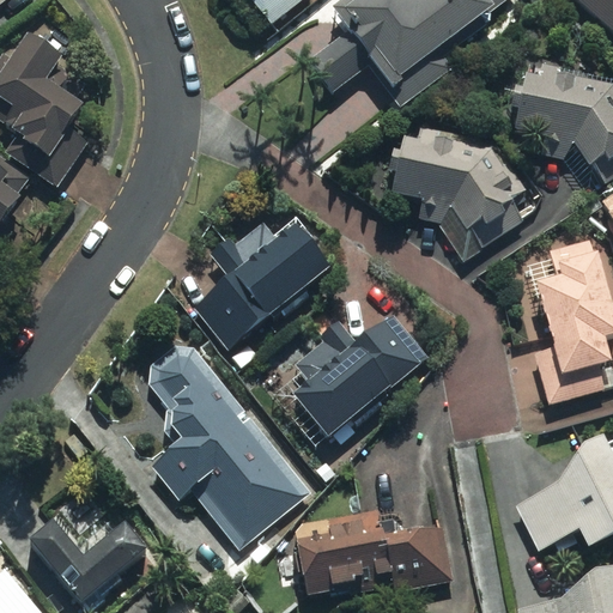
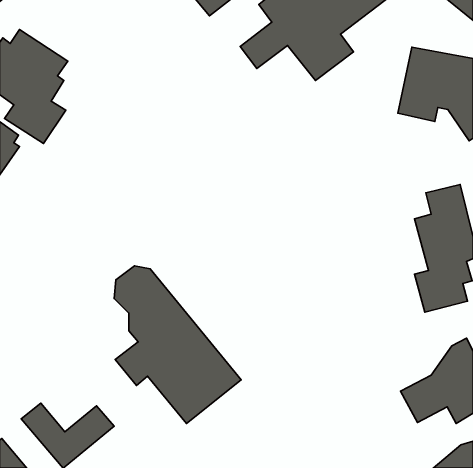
building: [393,126,530,259] -> none
building: [195,219,332,353] -> none
building: [292,316,426,438] -> none
building: [296,508,451,591] -> none

